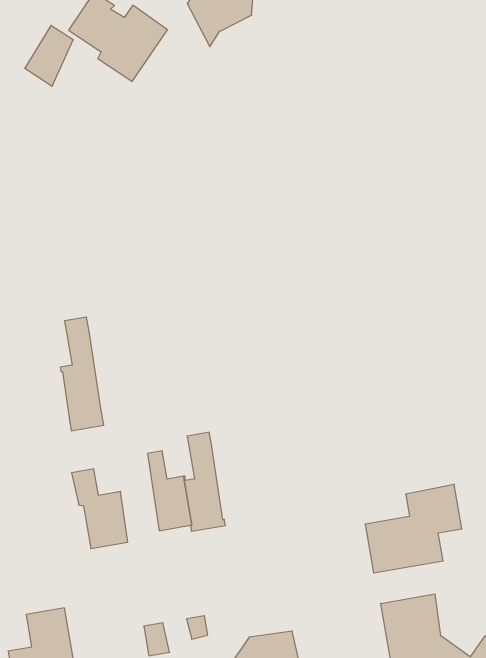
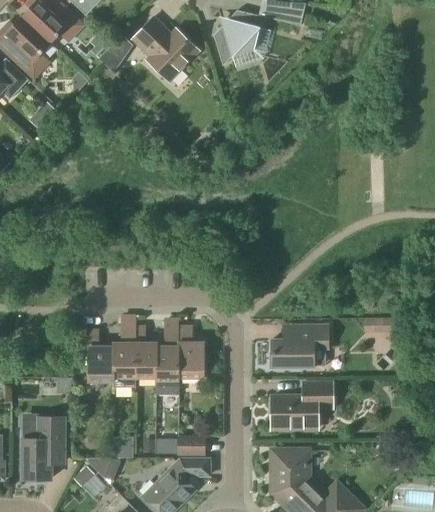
building: [60,317,104,431] -> [113,314,136,387]
building: none -> [271,325,329,368]
building: none -> [178,325,204,377]
building: none -> [177,435,206,456]

